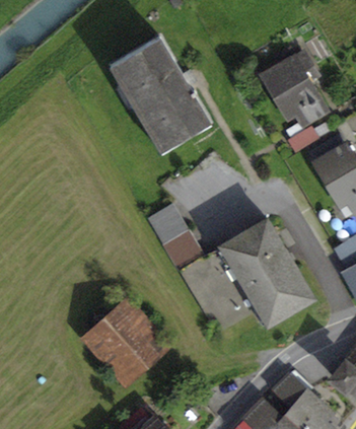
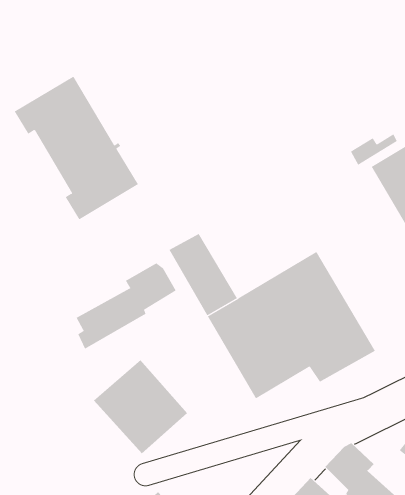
building: [112,39,211,153] -> [14,76,139,220]
building: [264,52,327,126] -> none
building: none -> [76,262,177,349]

